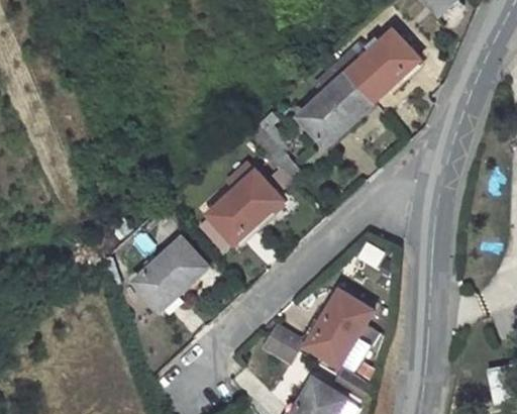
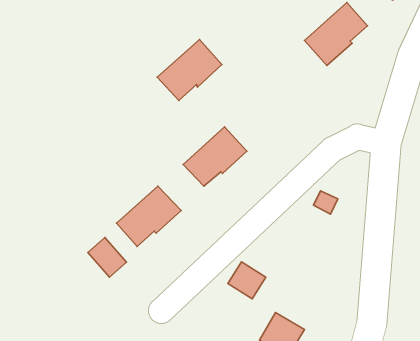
building: [298,74,371,142] -> [157,39,222,101]
building: [308,289,372,363] -> none
building: none -> [88,237,127,277]

